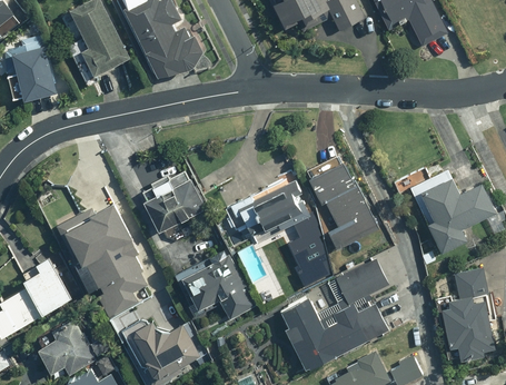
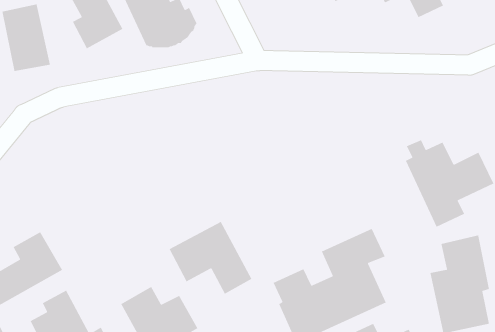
building: [305,156,379,251] -> none
building: [138,171,204,233] -> none
building: [228,178,330,287] -> none
building: [56,204,148,322] -> none

